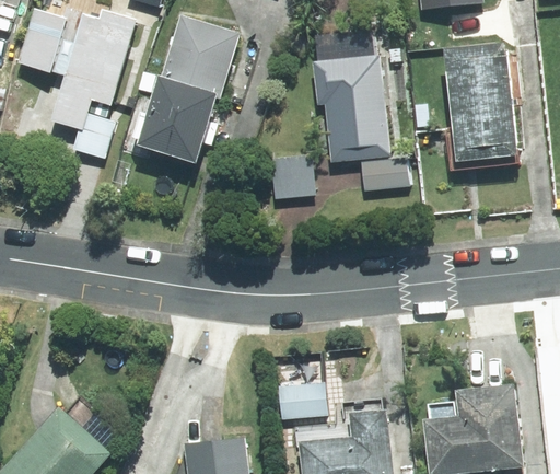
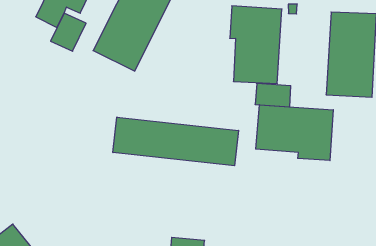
building: [272,152,317,196] -> none
building: none -> [256,105,333,161]
building: none -> [113,117,239,166]

